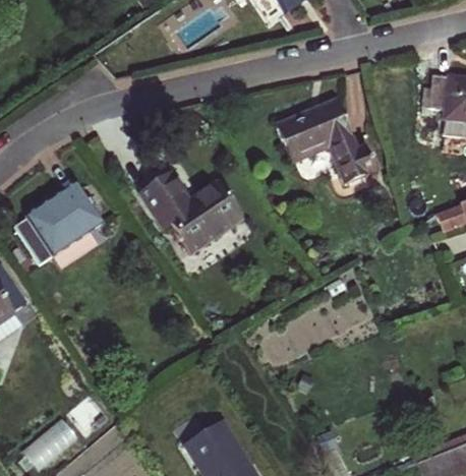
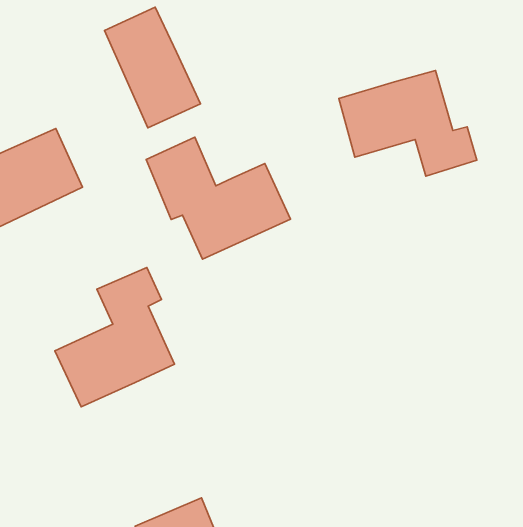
building: none -> [104,7,200,128]
building: none -> [55,267,175,407]

